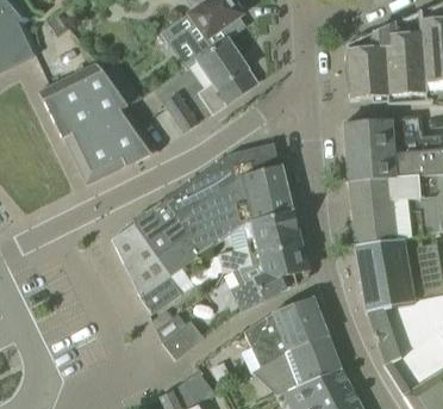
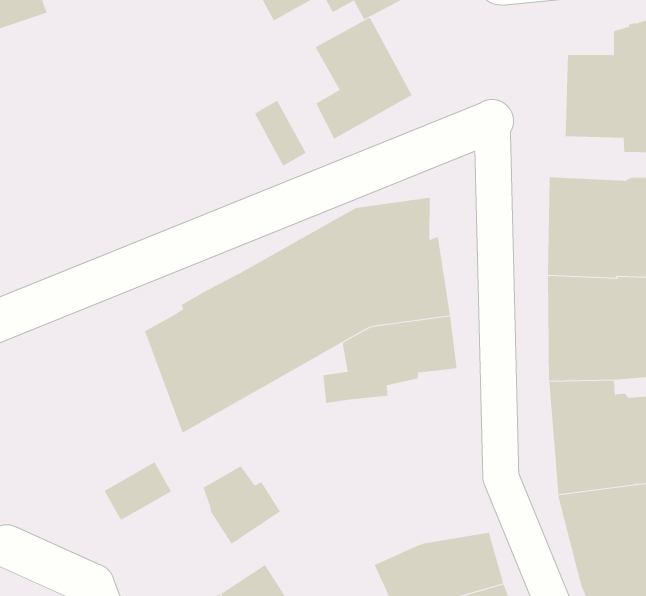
building: [39,63,158,184] -> none
building: [231,242,308,310] -> none
building: [141,277,181,314] -> [104,462,172,520]
building: [244,298,329,366] -> none

